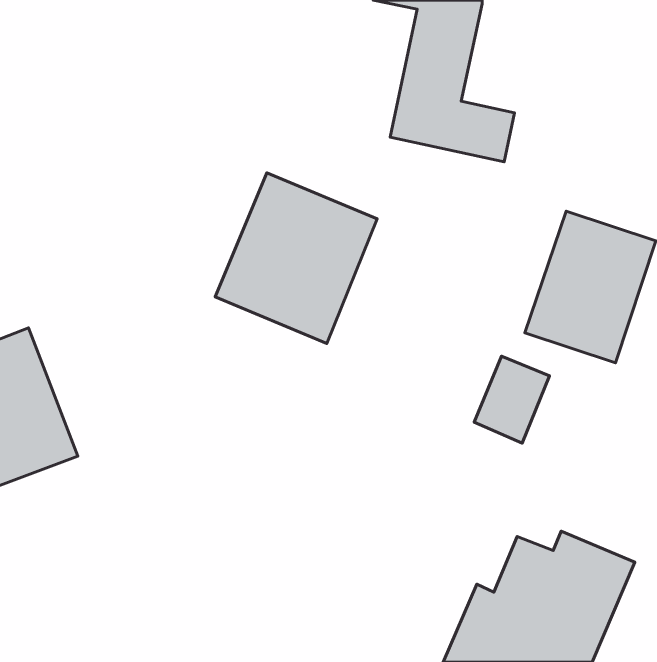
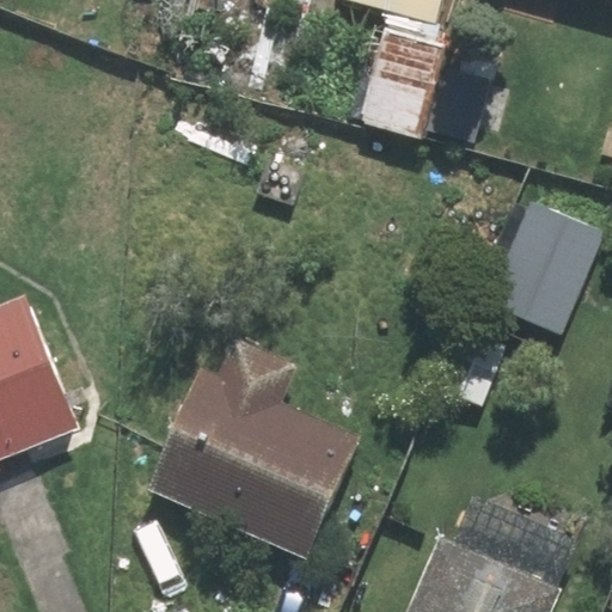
building: [215,173,377,344] -> none
building: none -> [141,356,360,561]

